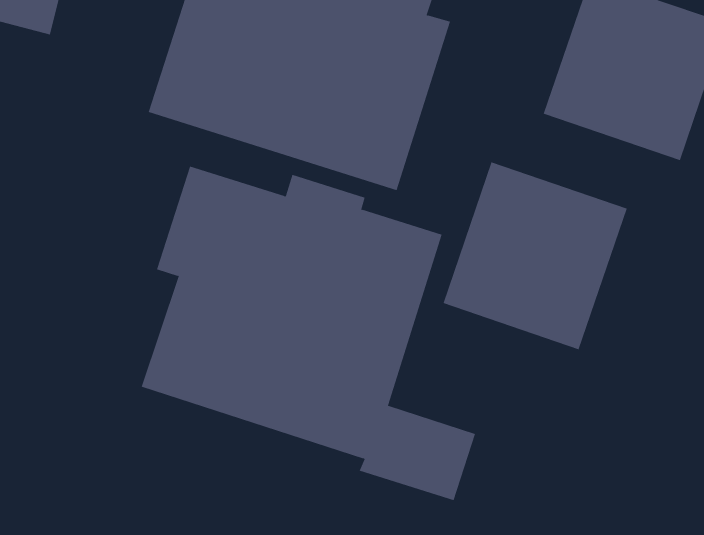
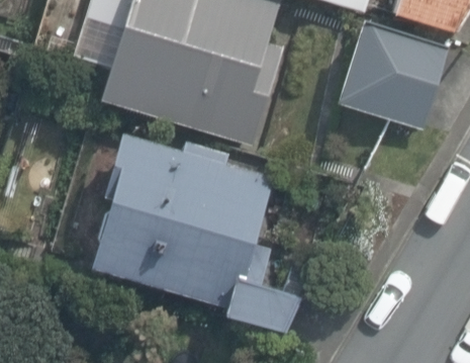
building: [443,161,627,350] -> none

